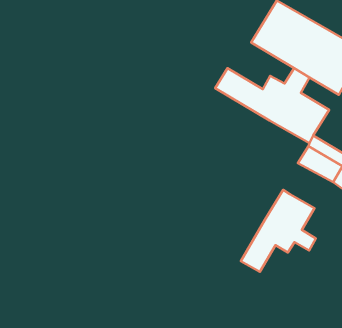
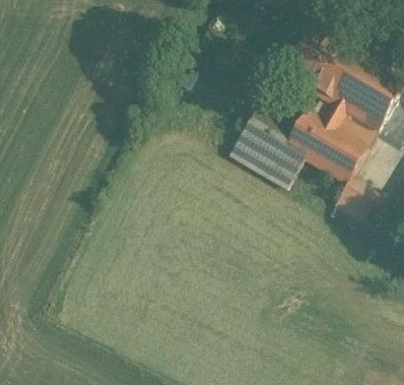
building: none -> [229,125,305,188]
building: [241,190,316,272] -> none

